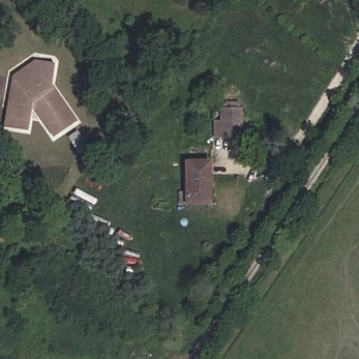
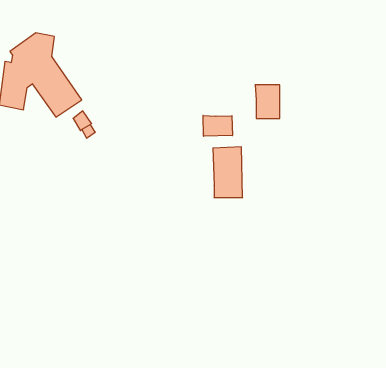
building: none -> [203,115,232,136]

